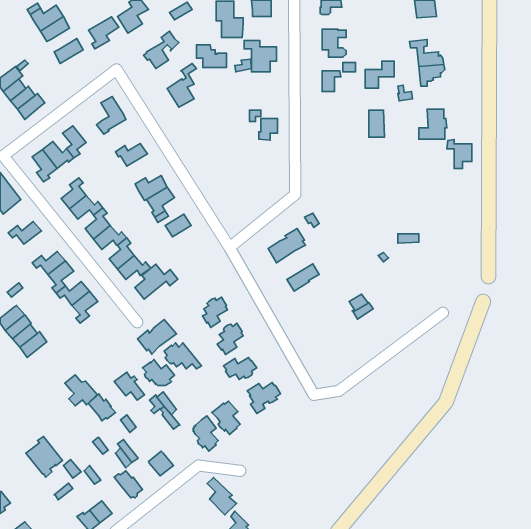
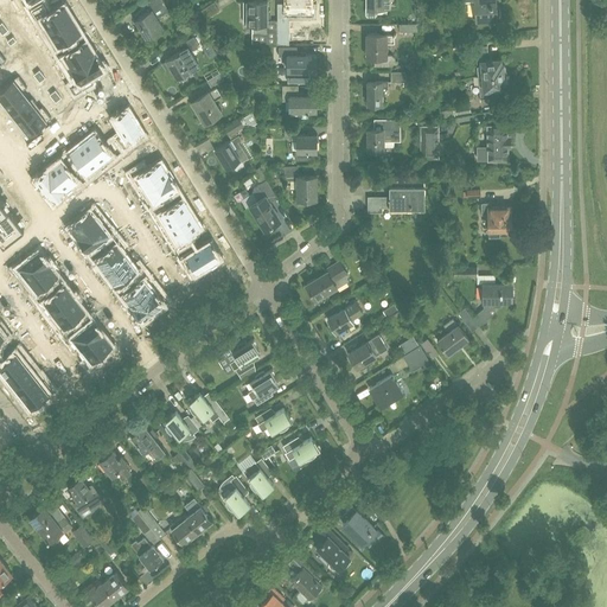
building: [89,17,119,49] -> [69,59,103,96]
building: [197,45,227,68] -> [282,88,317,114]
building: [365,61,394,88] -> [368,121,401,152]
building: none -> [215,121,248,170]
building: none -> [83,136,119,170]
building: [447,140,472,169] -> [481,205,510,238]
building: none -> [285,168,317,202]
building: none -> [142,178,175,212]
building: none -> [368,178,424,215]
building: none -> [249,183,281,232]
building: none -> [27,266,57,302]
building: none -> [458,285,513,328]
building: [135,264,178,299] -> none
building: none -> [437,320,468,357]
building: none -> [347,337,388,372]
building: [138,320,176,354] -> none
building: none -> [369,373,403,407]
building: [65,375,97,406] -> [68,479,104,515]
building: none -> [184,499,212,533]
building: none -> [343,509,376,545]
building: none -> [317,528,350,570]
building: [207,477,236,515] -> [288,557,321,600]

